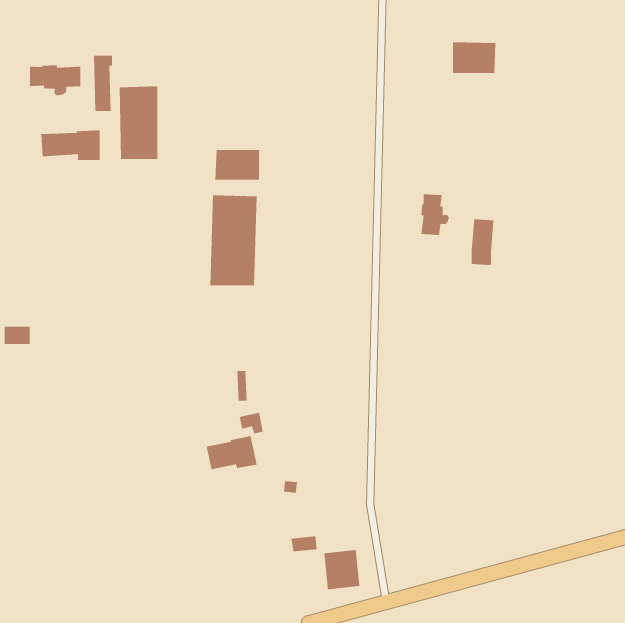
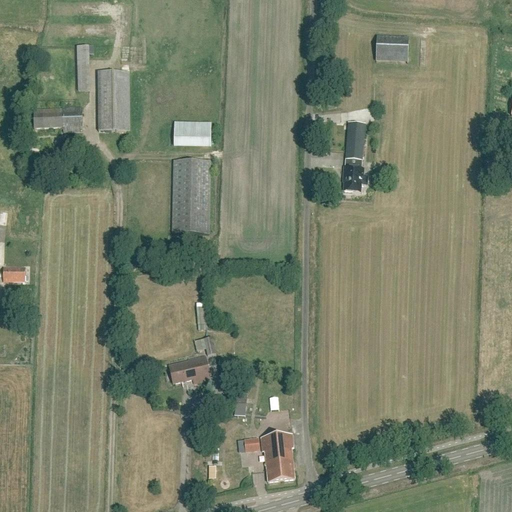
building: [29,65,81,96] -> none
building: [471,219,494,265] -> [345,121,364,159]
building: none -> [260,433,293,451]

